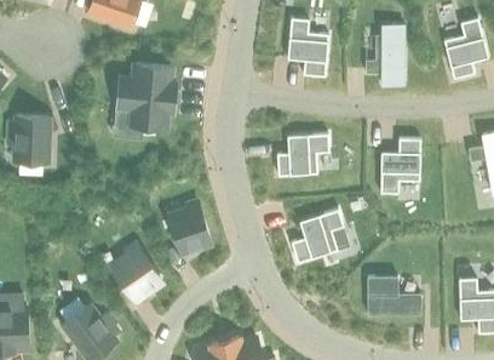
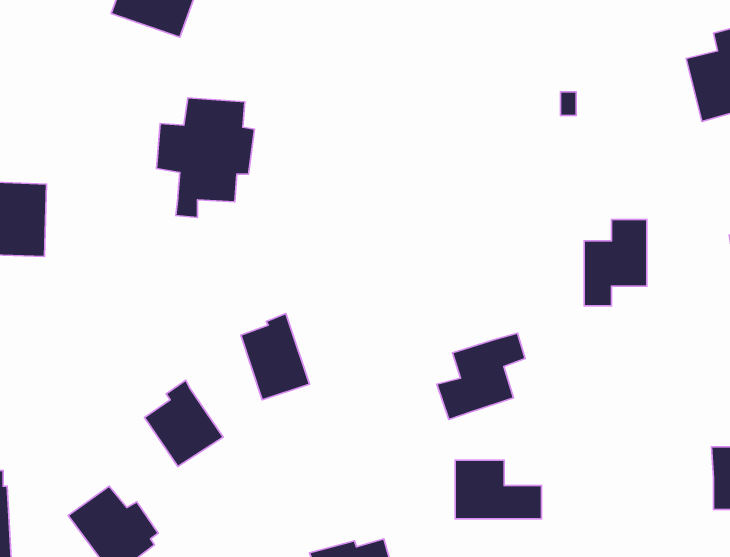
building: [287,22,328,78] -> none
building: [380,24,403,86] -> none
building: [276,136,328,177] -> none
building: [367,279,420,315] -> [455,460,542,519]

